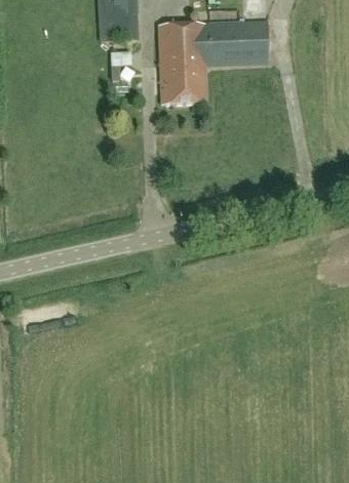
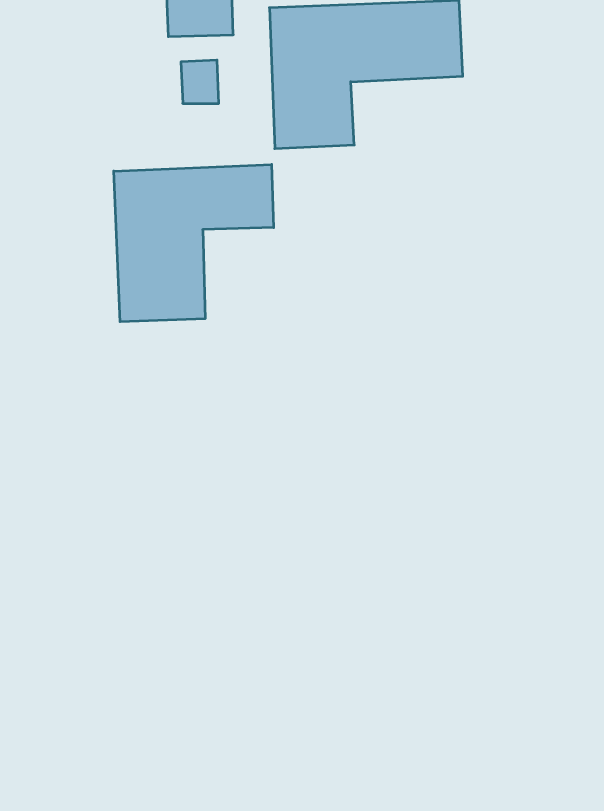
building: none -> [114,164,274,322]

